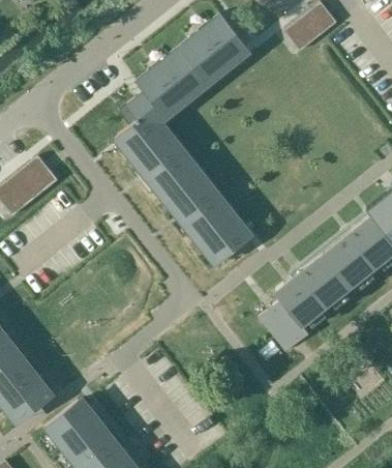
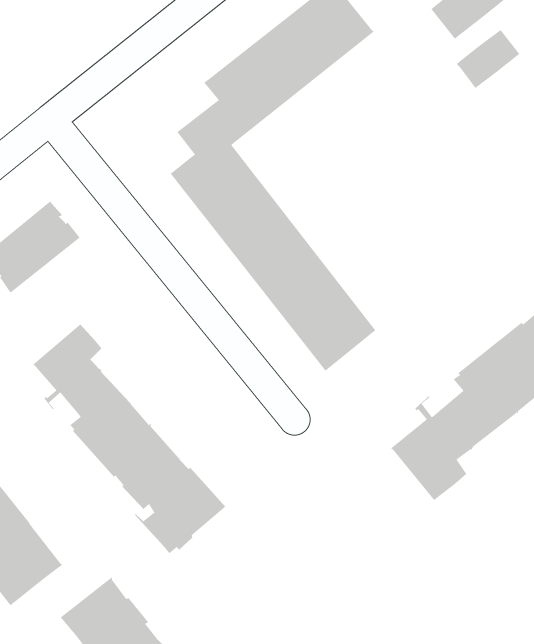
building: none -> [456,29,520,89]
building: none -> [33,324,226,554]

